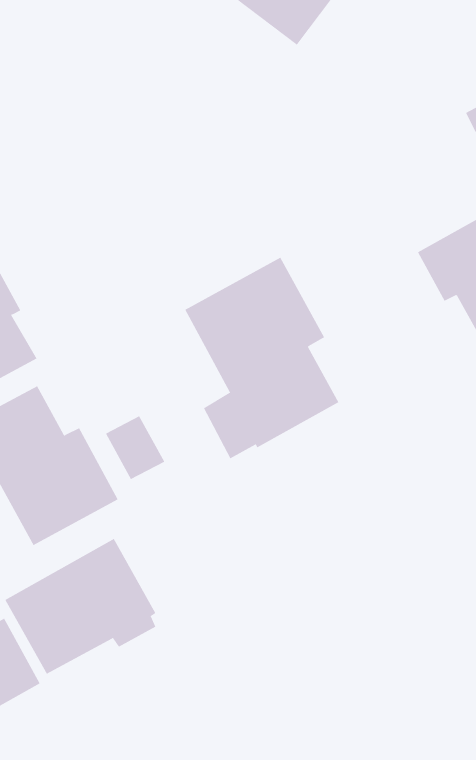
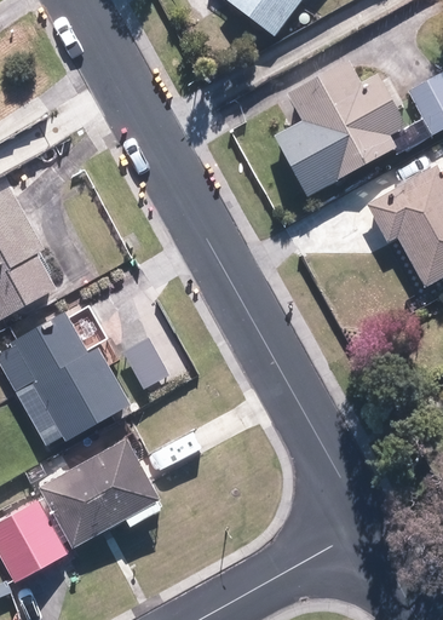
building: none -> [271,63,407,199]
building: [184,257,339,459] -> none

